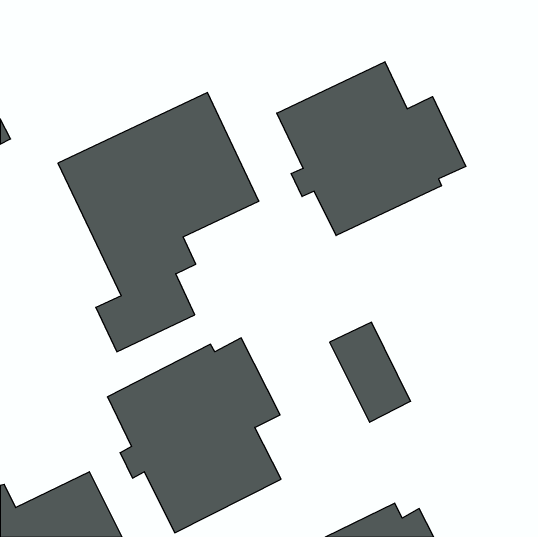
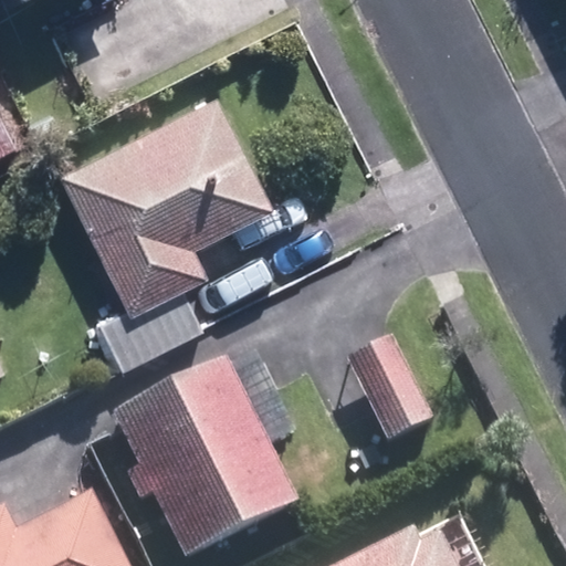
building: [277,62,466,236] -> none

